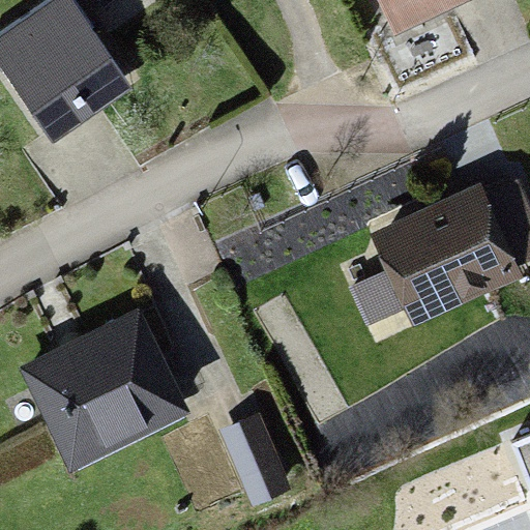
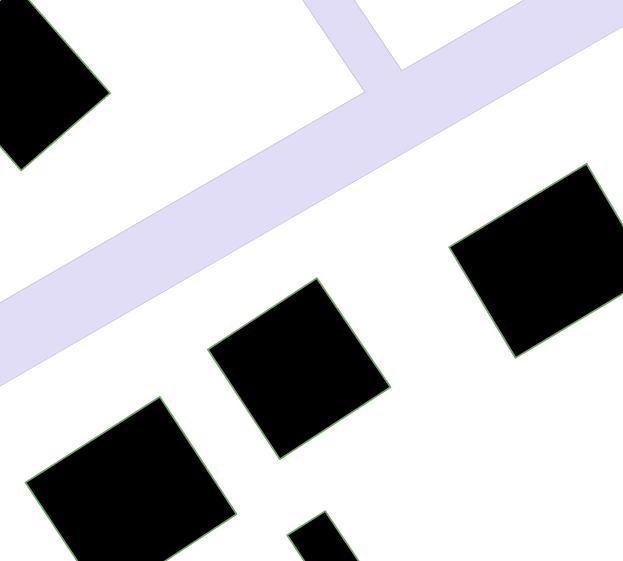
building: none -> [208,278,390,459]

